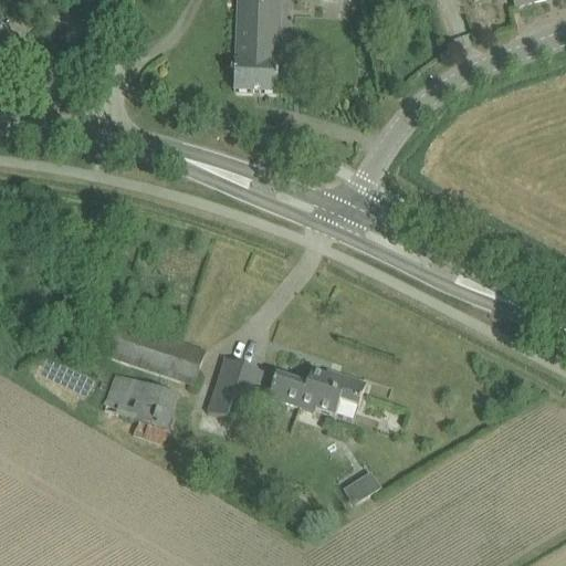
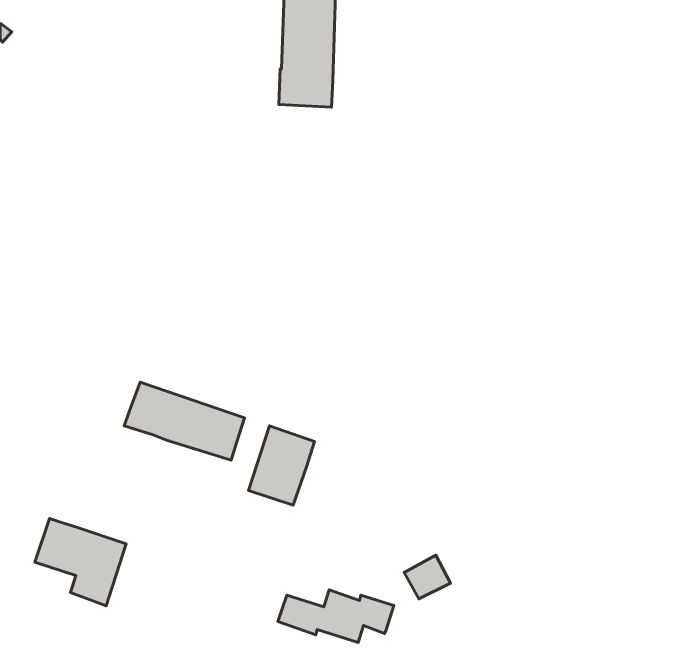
building: [269,368,366,412] -> [278,590,394,643]
building: [103,371,179,444] -> [35,519,126,606]

